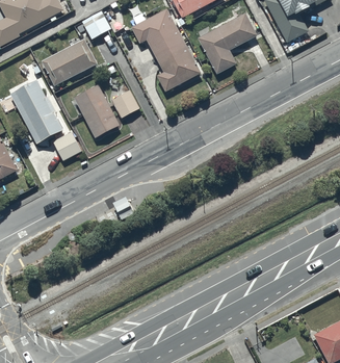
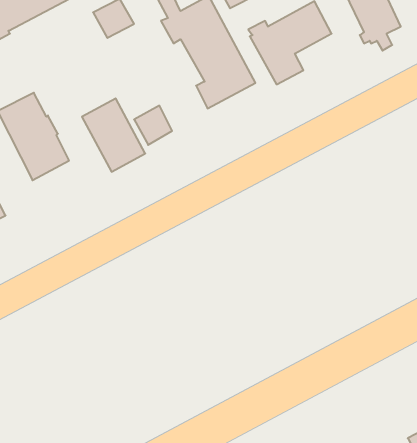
building: [42,40,97,86] -> none
building: [53,131,82,161] -> none

